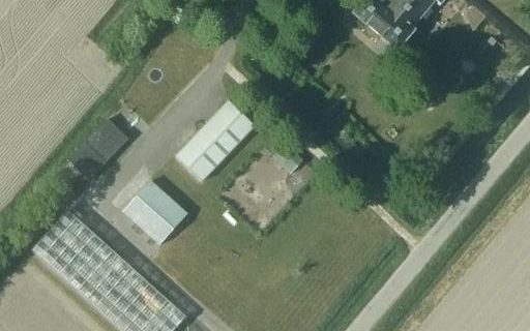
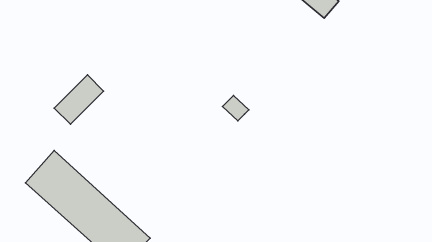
building: [176,100,256,181] -> none
building: [123,180,188,245] -> none

